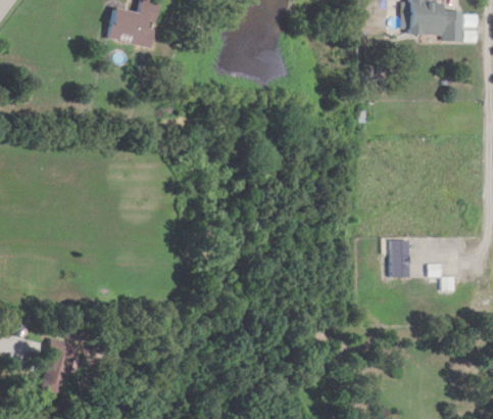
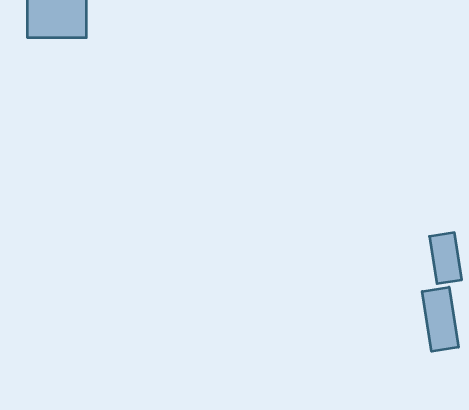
building: none -> [422,287,458,351]

